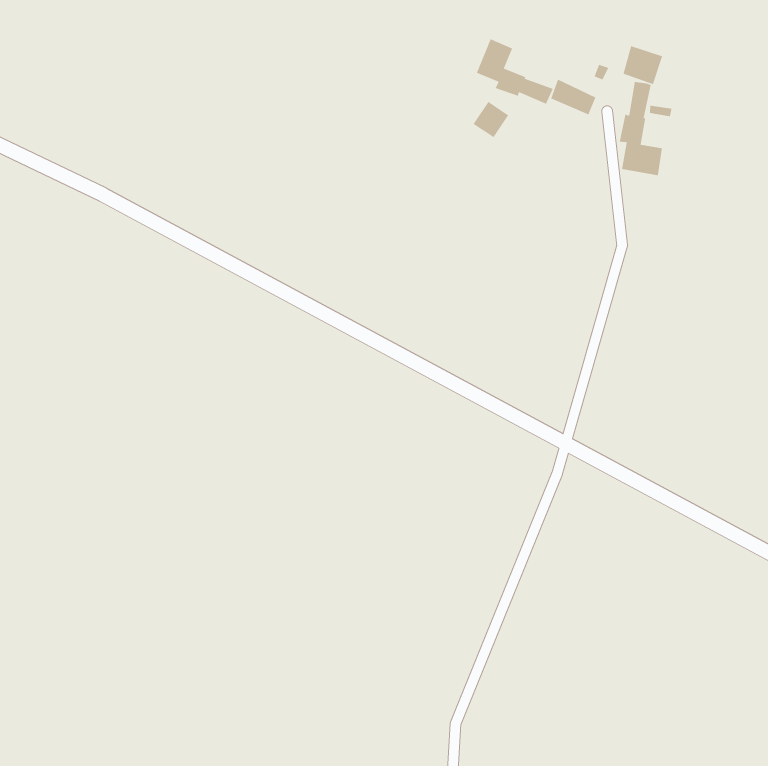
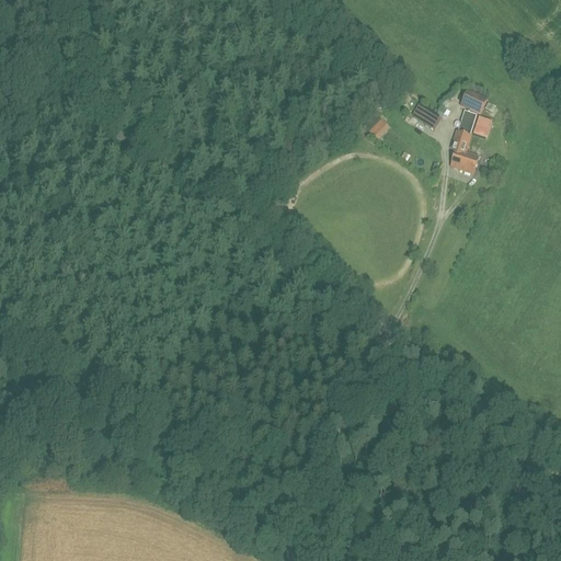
building: [476,38,554,105] -> none

